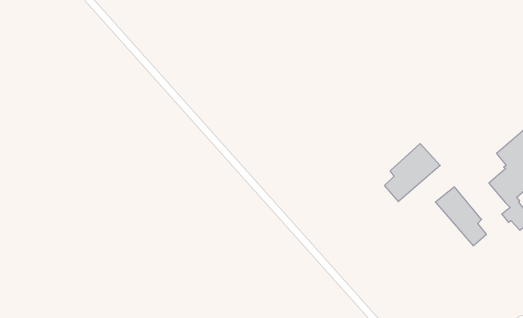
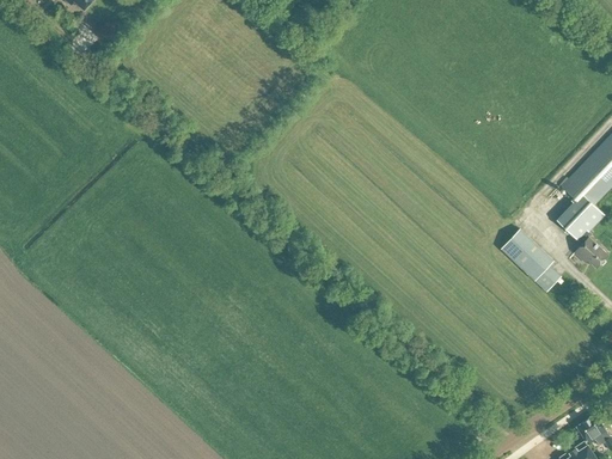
building: [385,144,440,202] -> none

